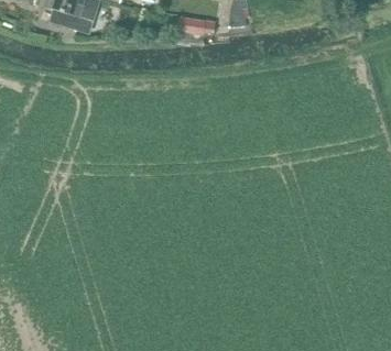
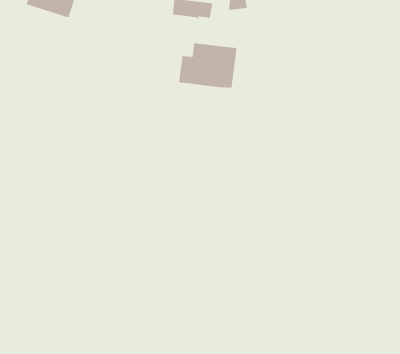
building: none -> [179,42,237,88]

